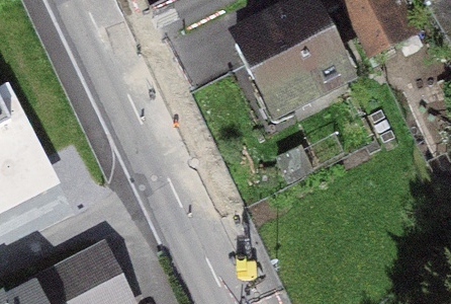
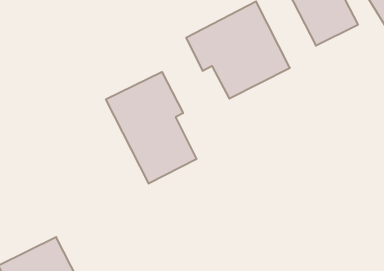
building: none -> [106,72,196,184]

